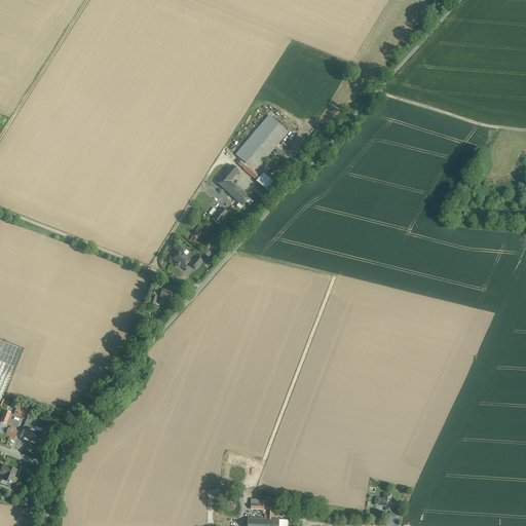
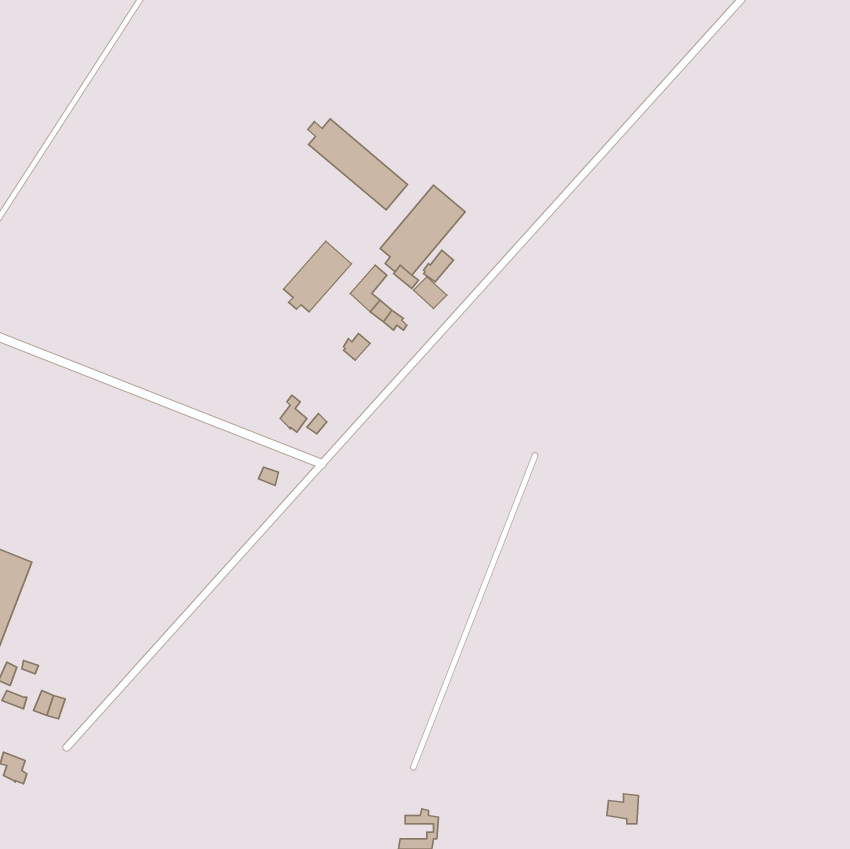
building: none -> [308,119,408,210]
building: none -> [284,241,351,312]

